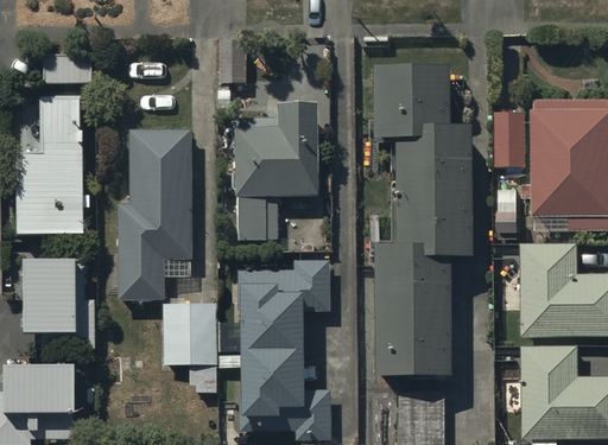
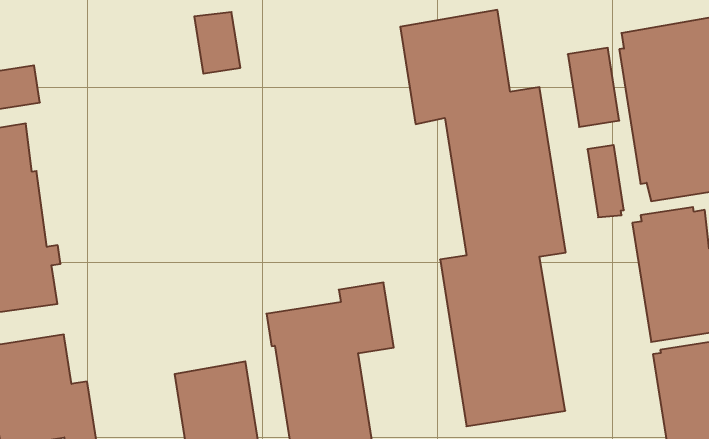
building: [235,104,316,241] -> none
building: [118,128,190,299] -> none

